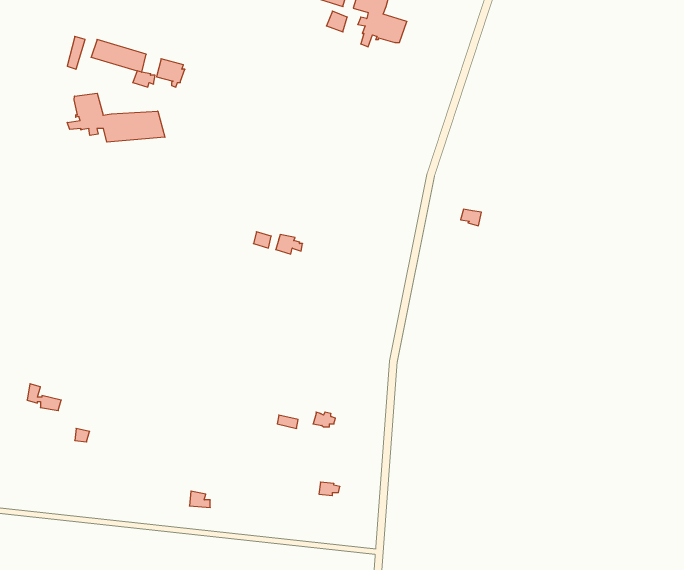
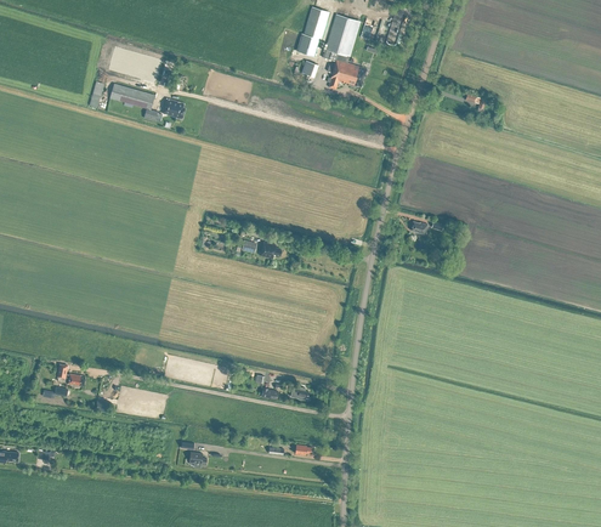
building: [67,93,165,142] -> none

